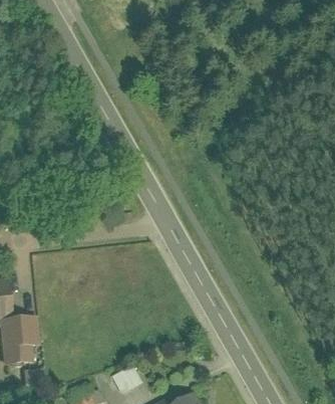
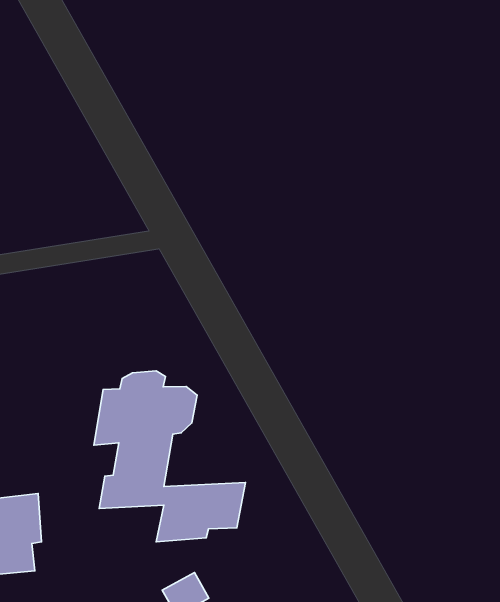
building: none -> [94,371,245,542]

